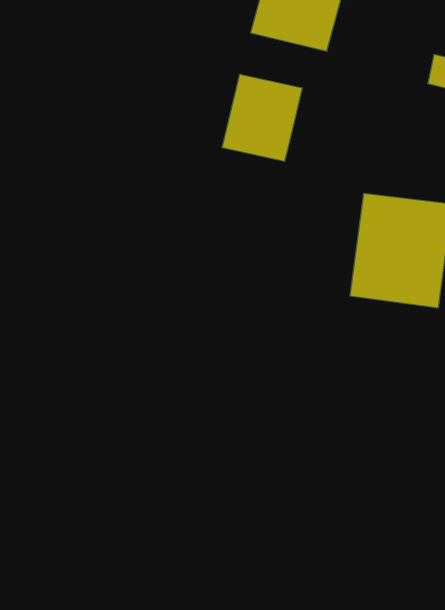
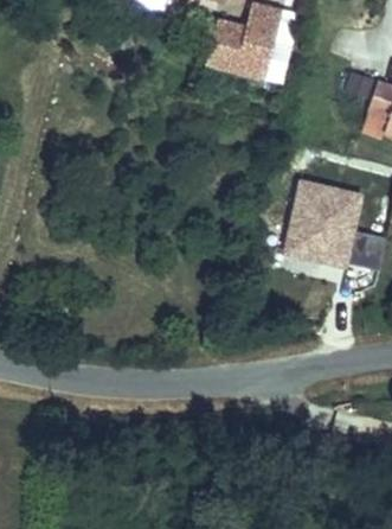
building: [222,74,302,162] -> none

